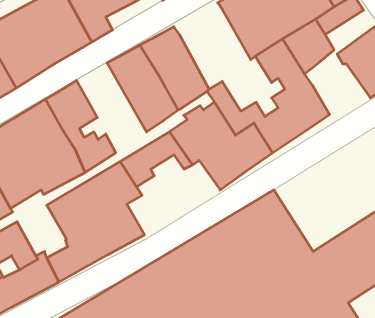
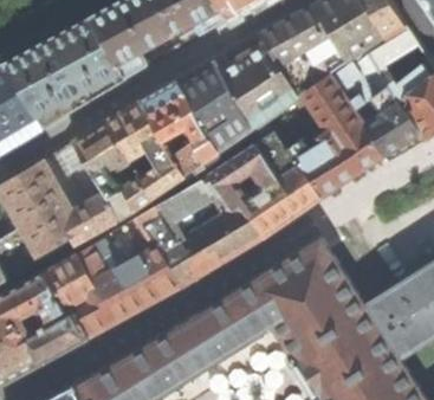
building: none -> [220,44,298,130]
building: none -> [363,88,421,157]
building: none -> [109,102,184,199]
building: none -> [163,207,264,288]
building: none -> [45,256,99,310]

